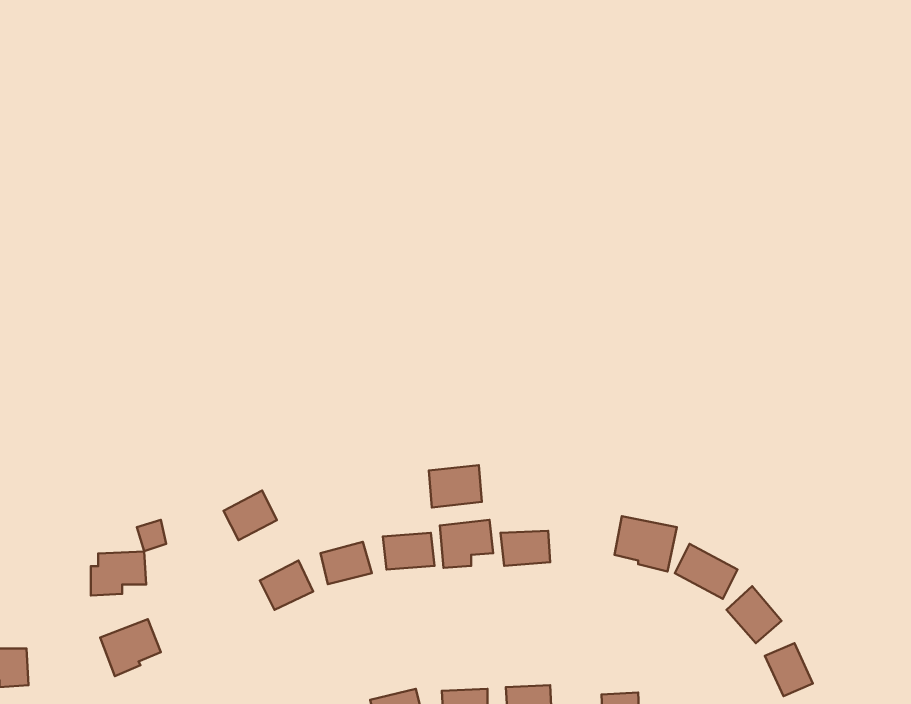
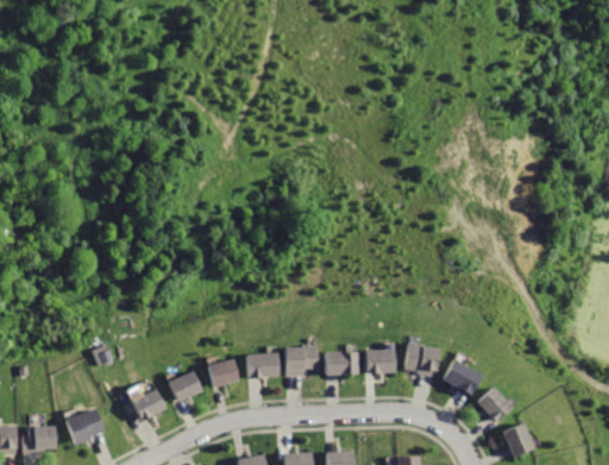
building: [429,465,482,508] -> none
building: [224,491,277,540] -> [134,389,169,421]
building: none -> [362,348,394,372]
building: [91,552,146,596] -> [25,426,61,454]

